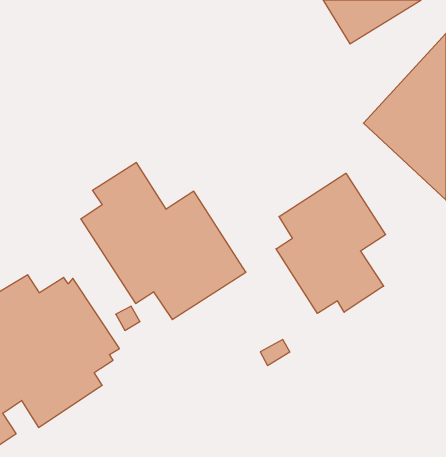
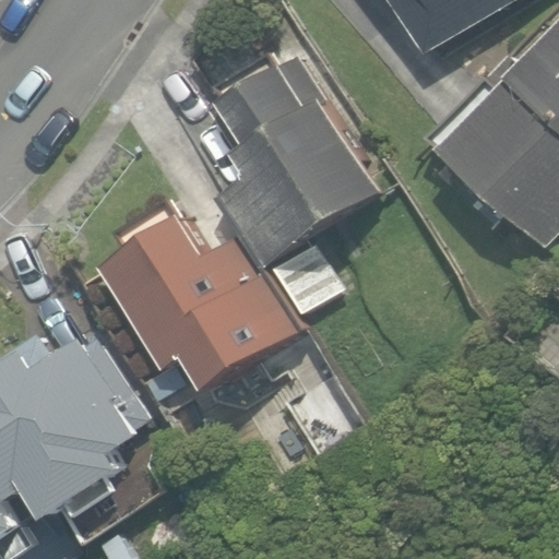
building: none -> [211,57,379,266]
building: [276,173,386,313] -> none

